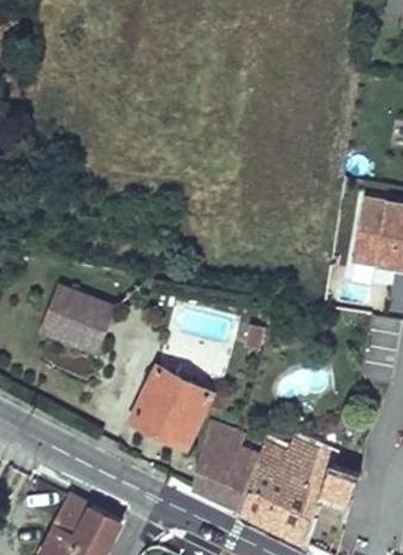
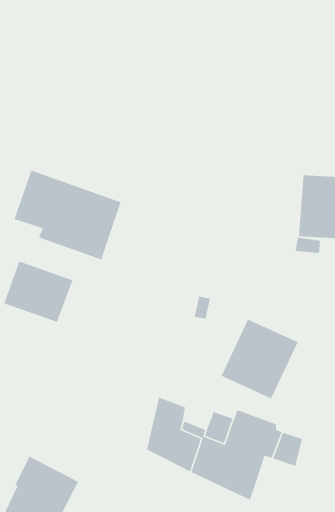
building: none -> [13,169,122,261]
building: none -> [220,318,299,400]
building: [131,366,213,447] -> none

